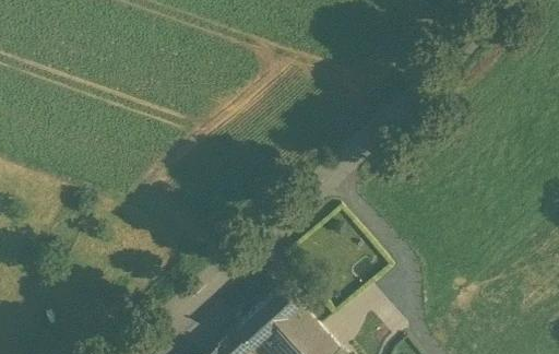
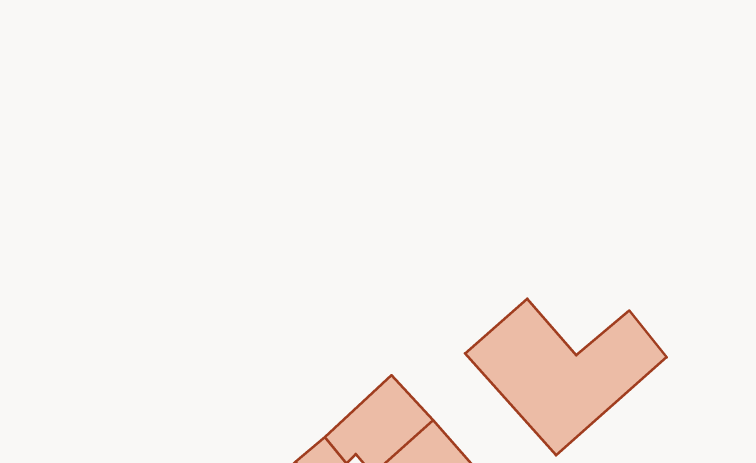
building: none -> [465,299,667,455]

